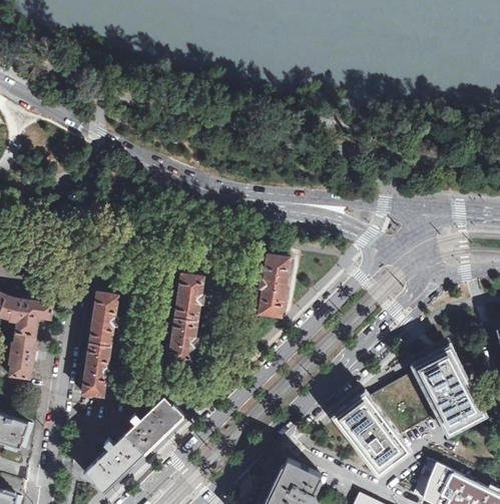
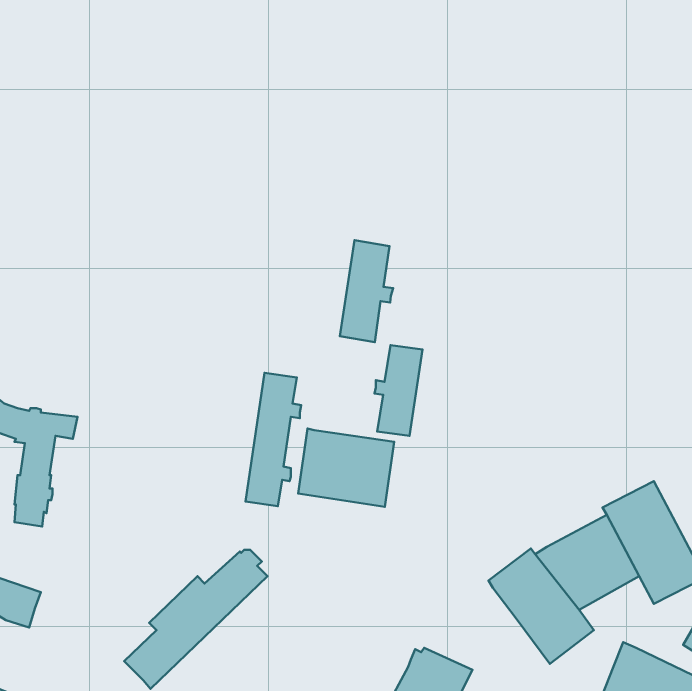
building: none -> [340,240,393,342]
building: [82,294,120,397] -> none
building: none -> [298,429,394,507]

